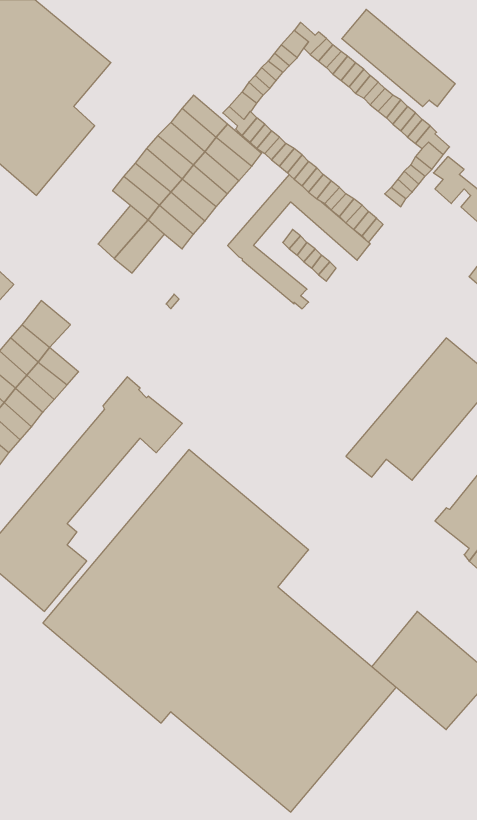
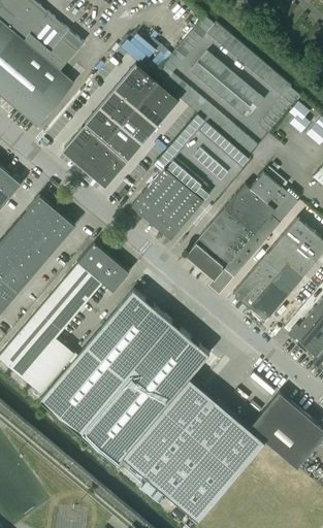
building: [342,9,455,107] -> [190,54,262,116]
building: none -> [63,125,95,159]
building: none -> [96,153,128,187]
building: none -> [130,168,202,241]
building: none -> [185,172,296,296]
building: none -> [43,210,74,240]

